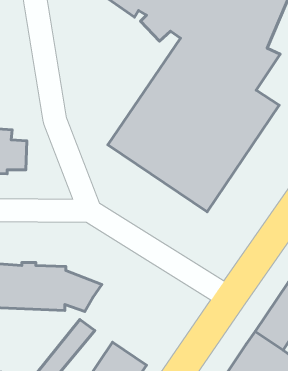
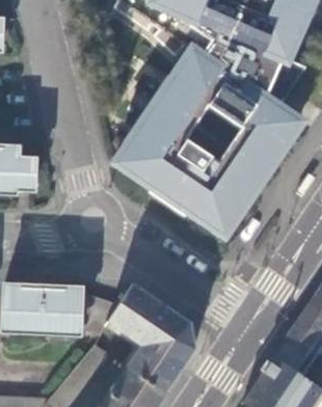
building: none -> [105,284,191,391]

